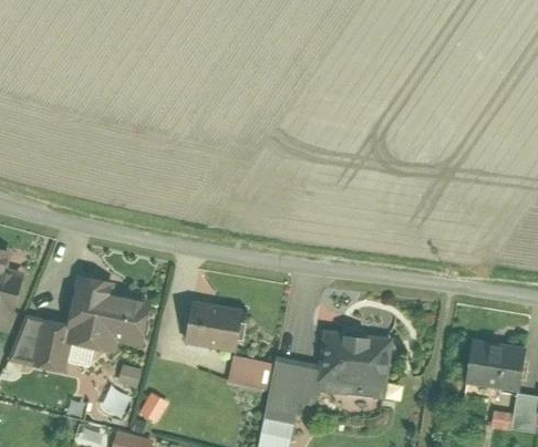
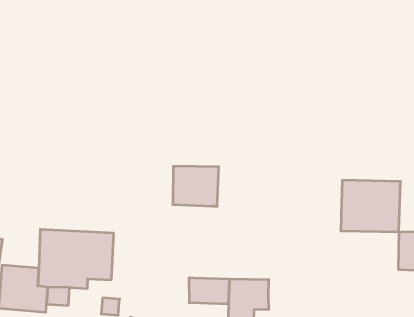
building: [184,303,242,356] -> [173,166,219,206]
building: [314,333,391,402] -> [341,180,401,232]

